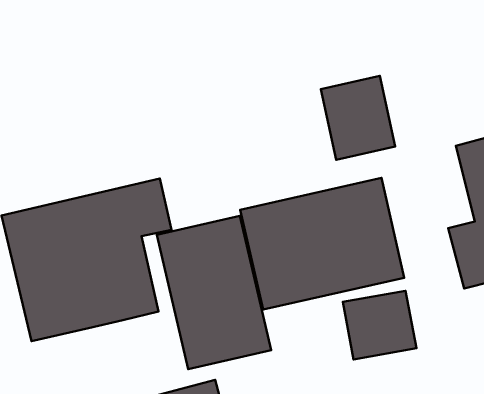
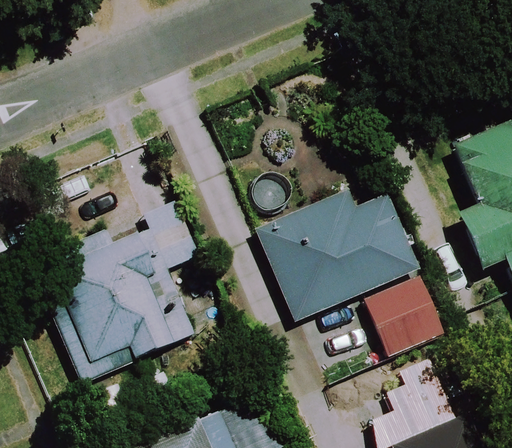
building: [321,76,395,160] -> none
building: [157,216,271,369] -> none

